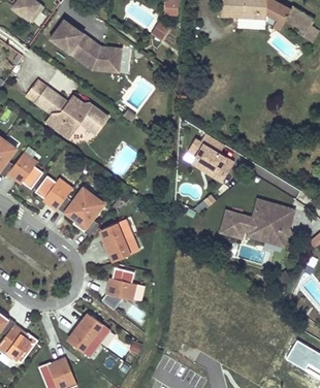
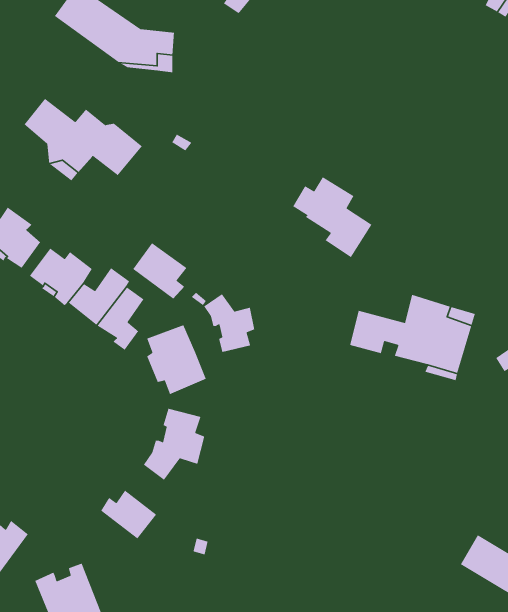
building: none -> [132,242,187,300]
building: none -> [203,293,255,353]
building: [71,327,99,357] -> none

